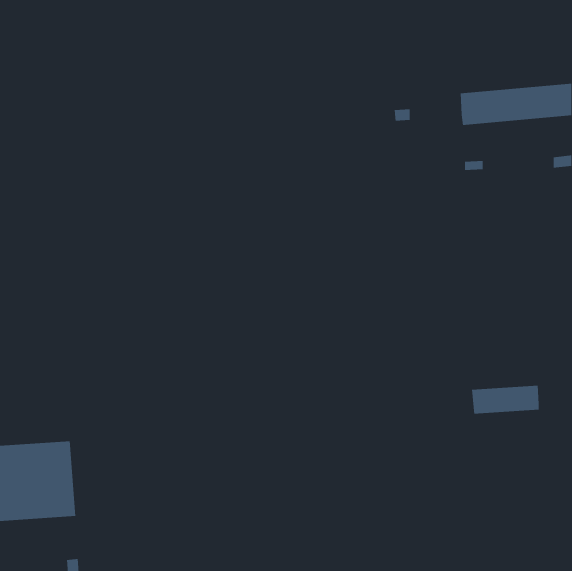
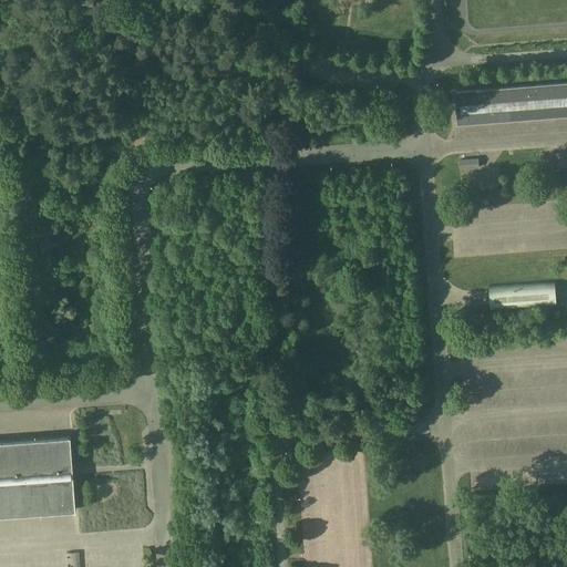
building: [471,385,540,414] -> [487,284,555,312]

